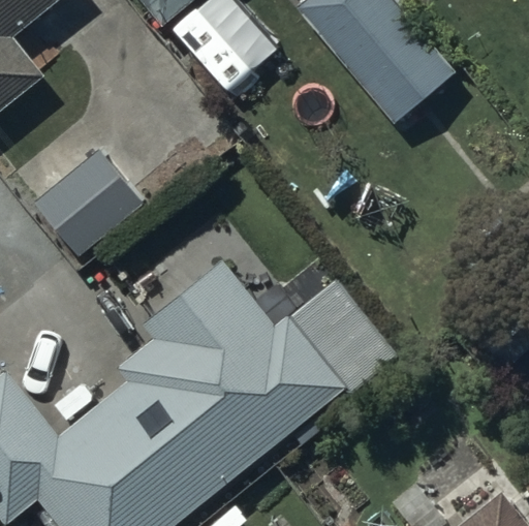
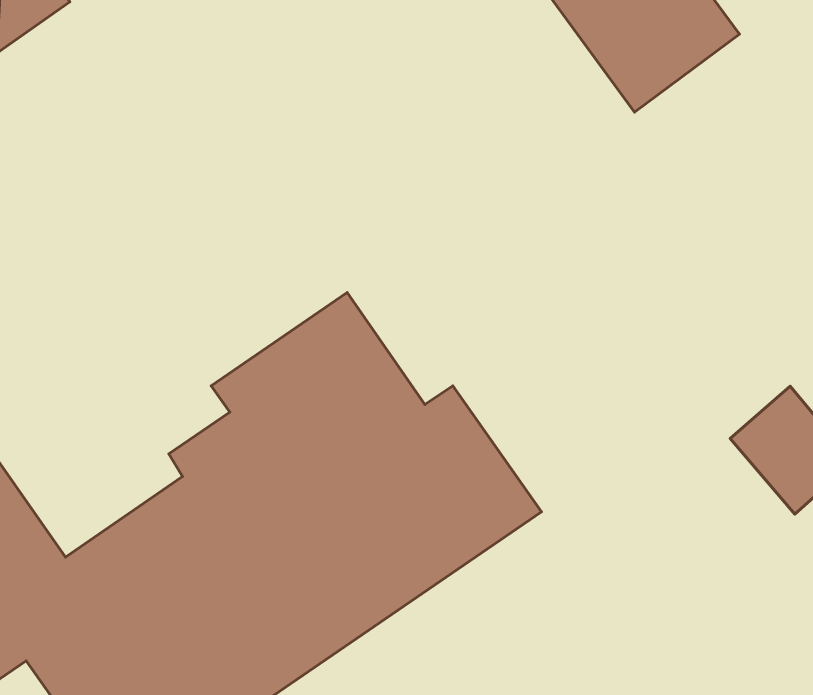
building: [35,151,146,258] -> none

